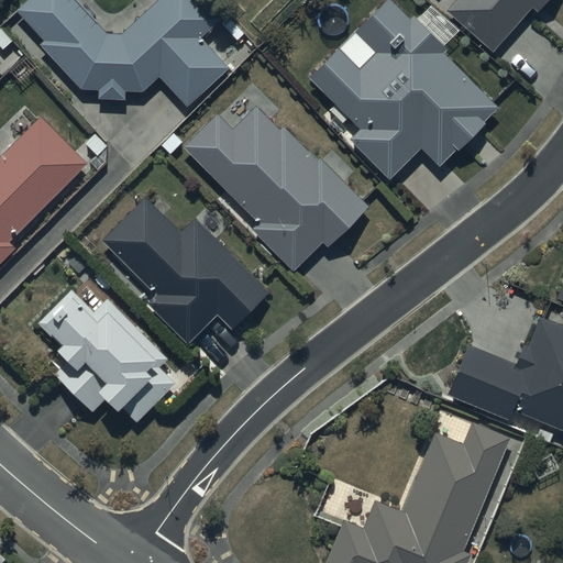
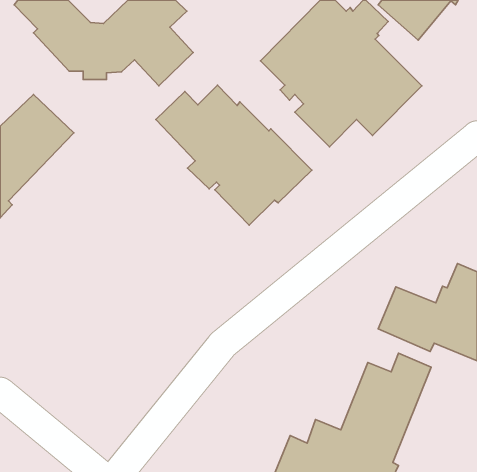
building: [102,198,269,345] -> none
building: [43,290,176,422] -> none

